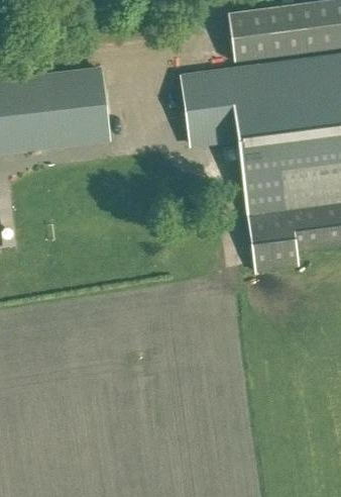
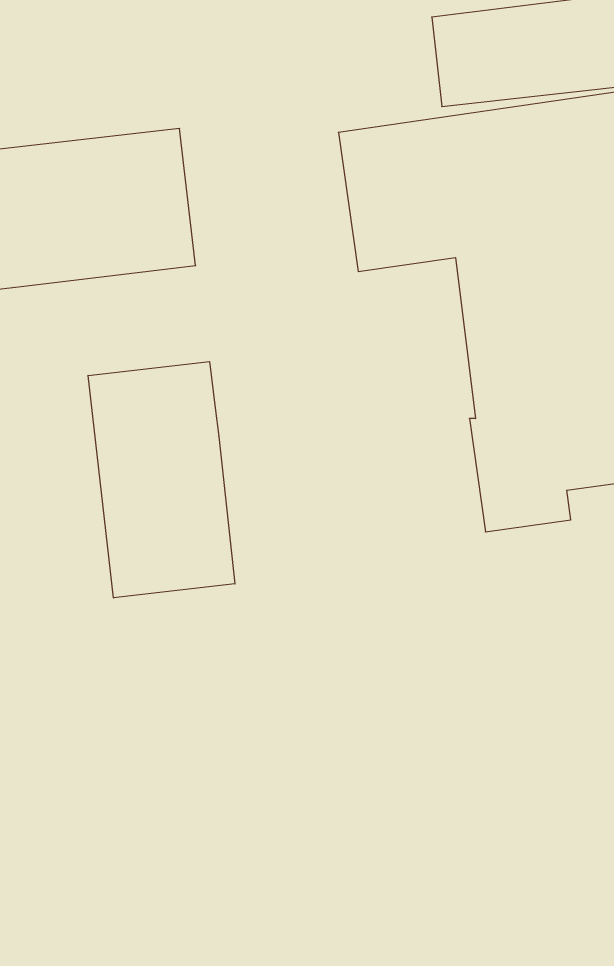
building: none -> [88,362,235,598]

